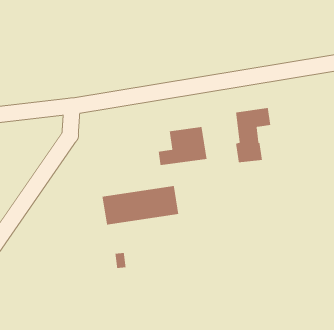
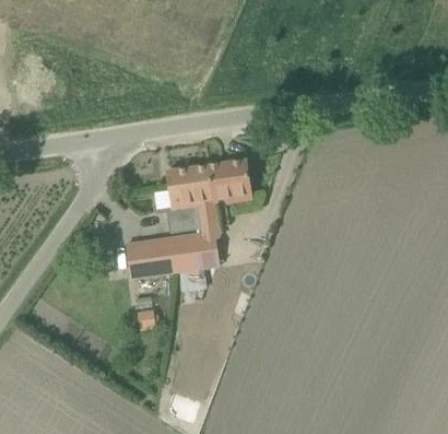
building: [235,107,271,163] -> [166,164,209,231]

